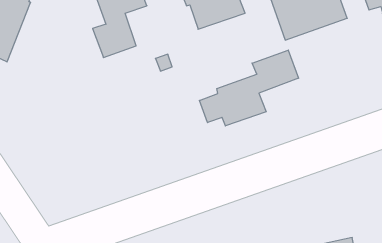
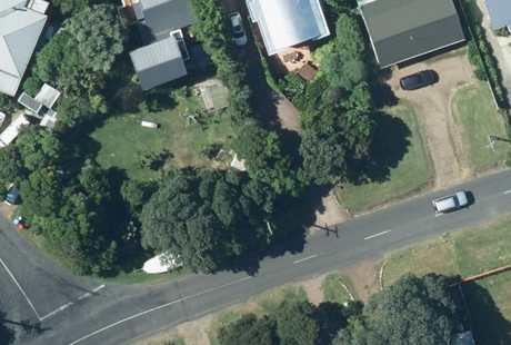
building: [199,50,299,126] -> none

